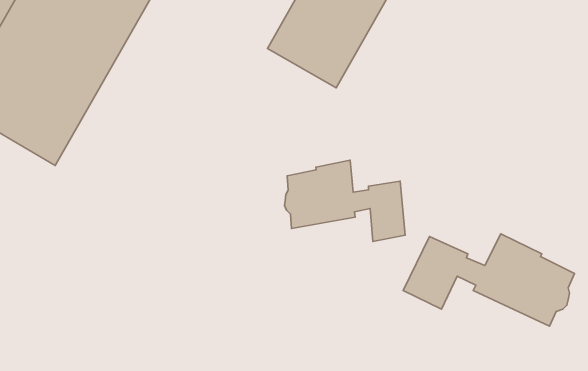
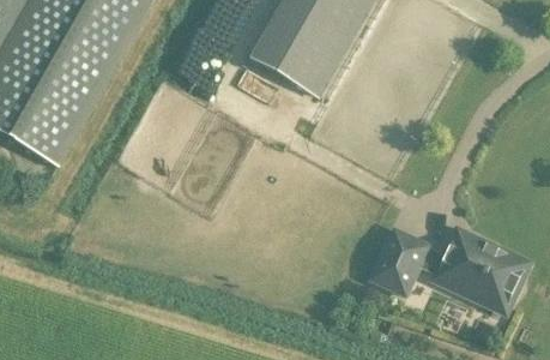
building: [285,160,405,241] -> none

